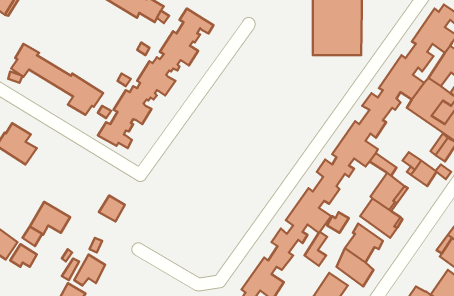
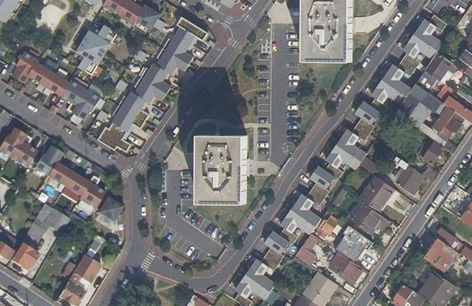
building: none -> [73,26,116,76]
building: none -> [197,135,245,205]
building: none -> [32,147,104,210]

